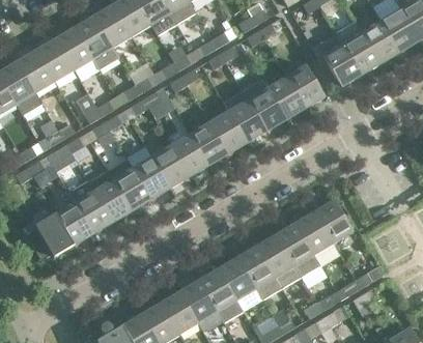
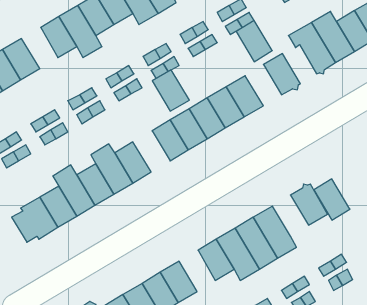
building: [36,38,74,81] -> none
building: [267,77,305,119] -> [236,21,272,62]
building: [151,145,190,188] -> [152,70,189,111]
building: [295,211,333,254] -> [314,179,350,220]
building: [199,268,236,311] -> none

